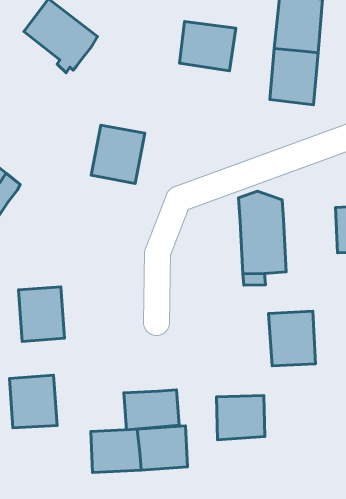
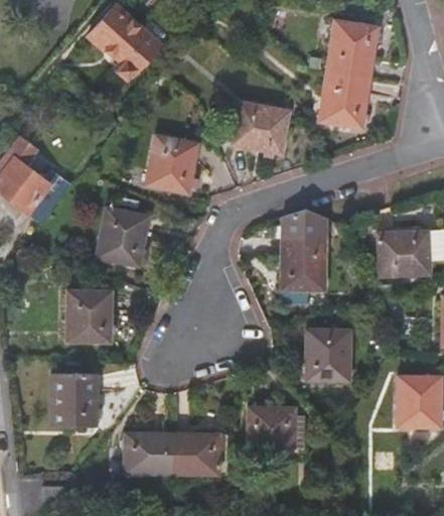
building: [179,21,236,71] -> [235,101,292,152]
building: none -> [92,211,144,267]
building: [124,390,179,430] -> none

